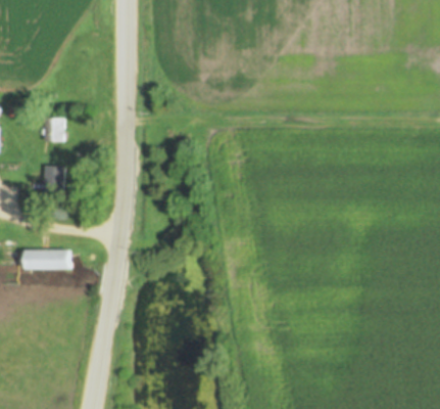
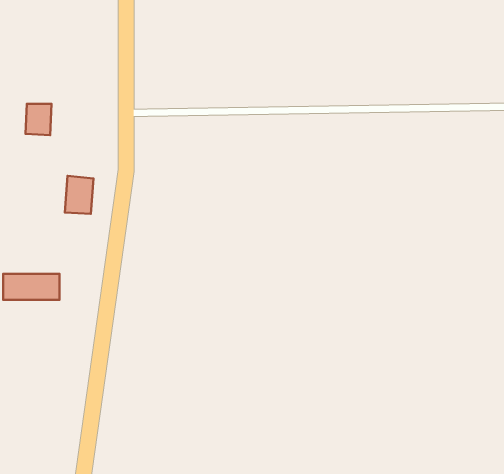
building: [45,165,67,194] -> [65,176,94,214]

